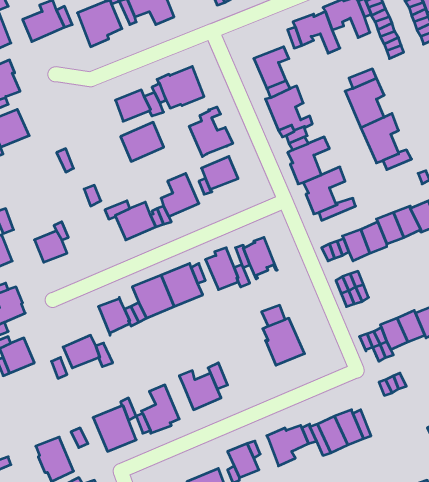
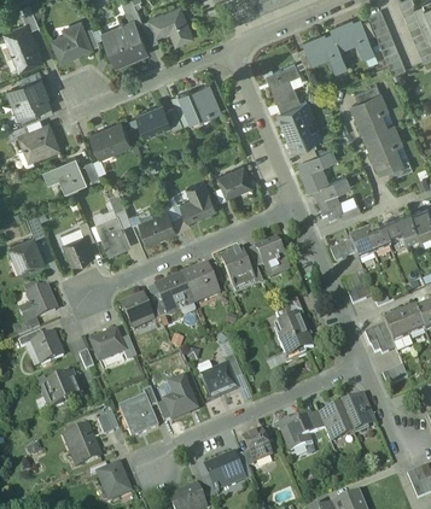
building: [189,107,233,157] -> none
building: [121,122,164,161] -> [91,119,130,156]
building: none -> [45,154,87,188]
building: none -> [97,212,130,252]
building: none -> [40,371,78,405]

